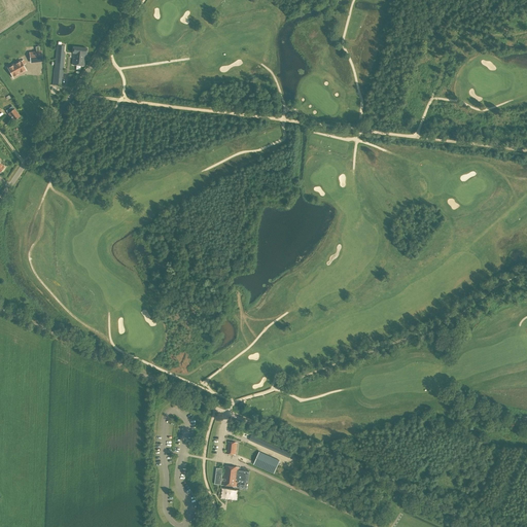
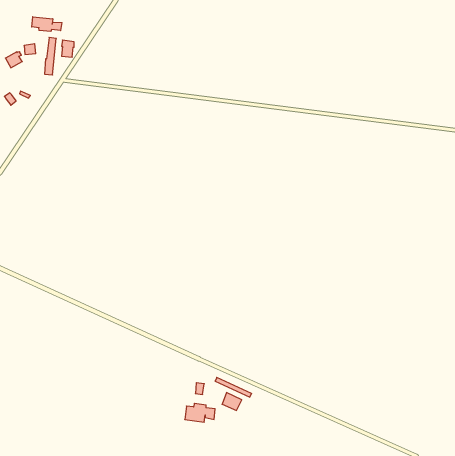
building: none -> [32,17,62,31]

